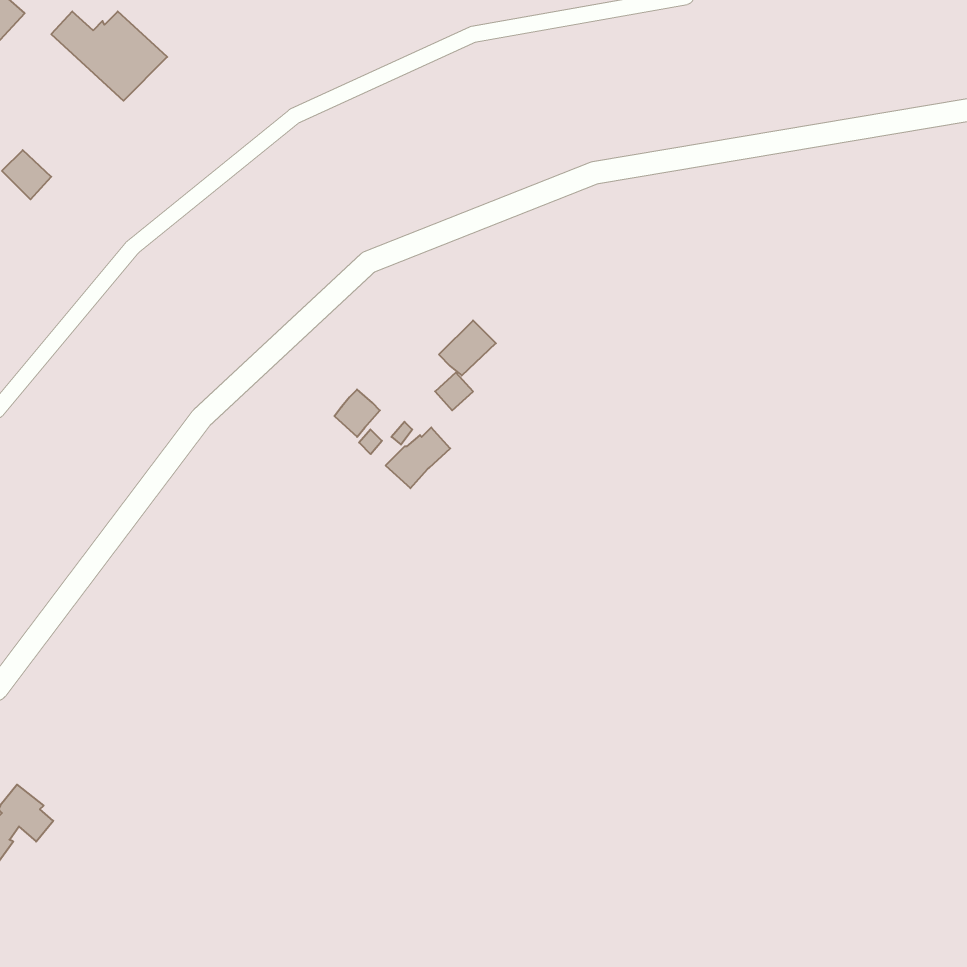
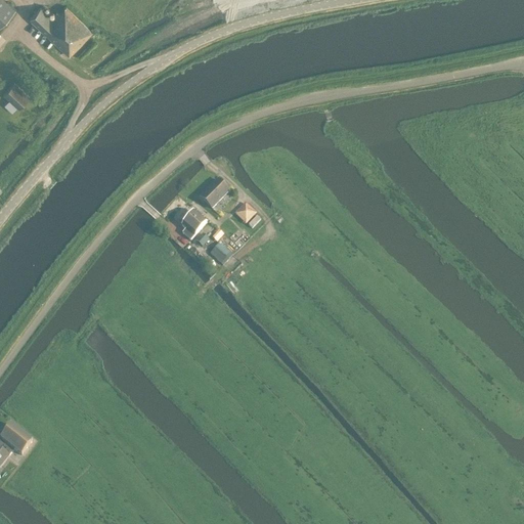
building: [439,320,496,376] -> [198,178,228,208]

